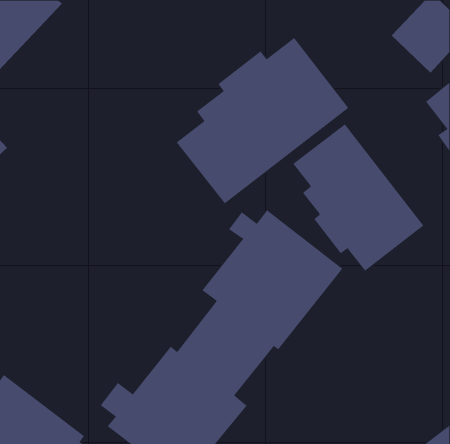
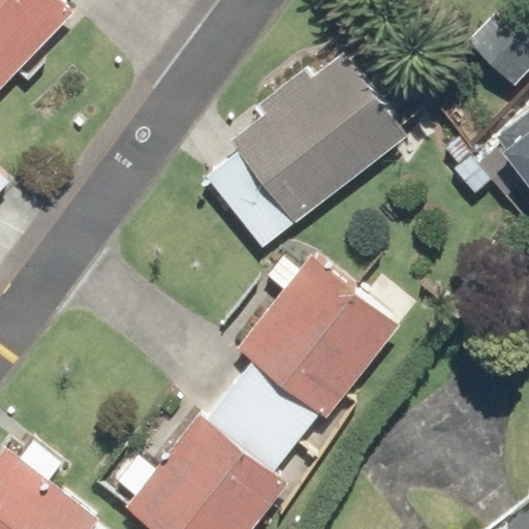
building: [293,124,424,272] -> none

